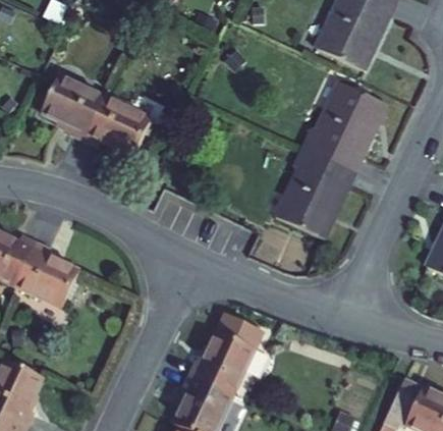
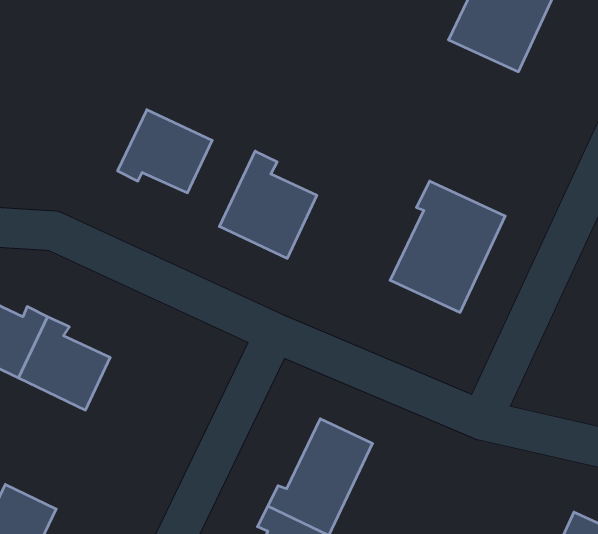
building: [41,73,105,139] -> none
building: [302,79,387,170] -> none
building: none -> [219,151,317,258]

